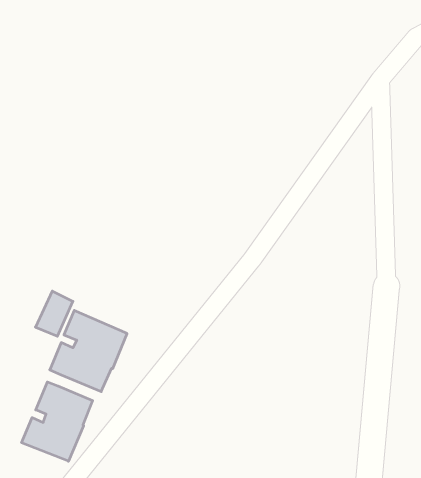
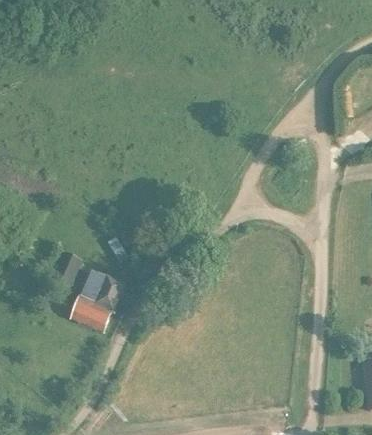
building: [22,382,93,461] -> none

